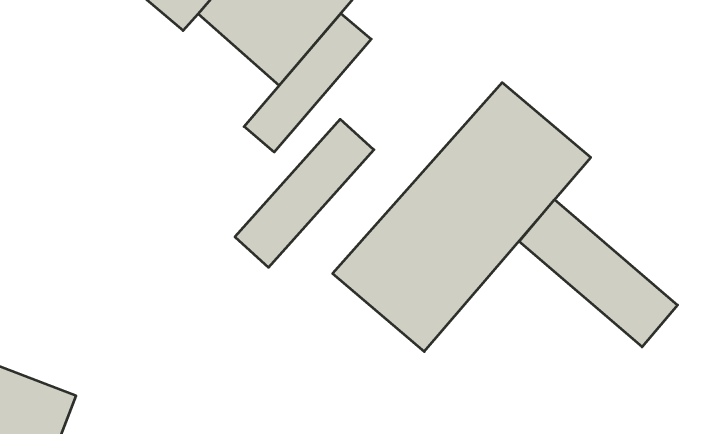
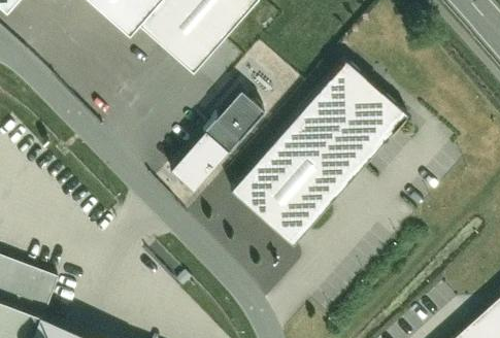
building: [244,14,371,152] -> none
building: [519,200,678,347] -> none

